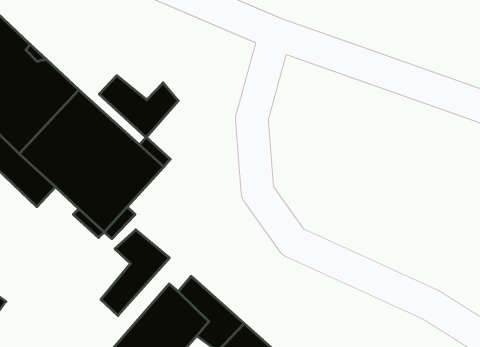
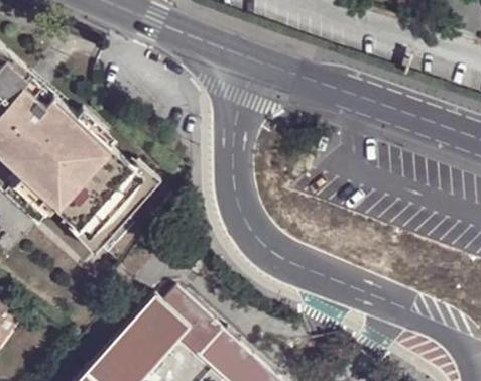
building: [99,76,178,137] -> none
building: [101,230,169,316] -> none

